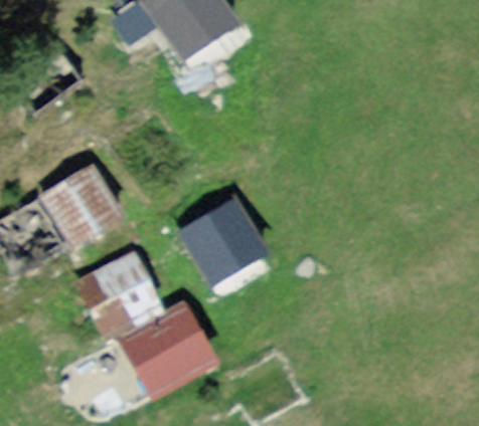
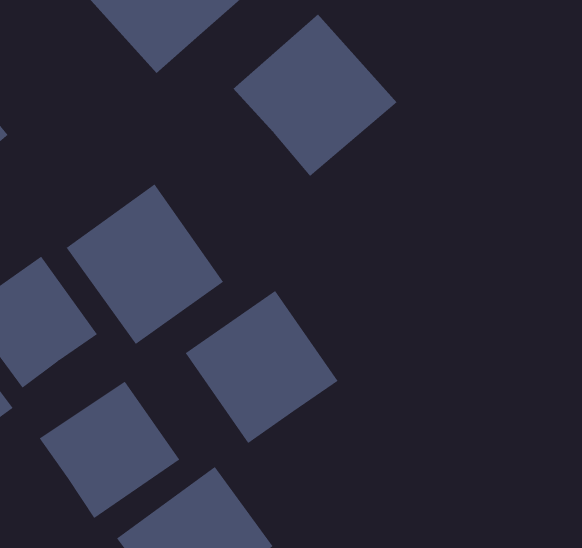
building: none -> [233,13,397,177]
building: none -> [66,183,224,345]

